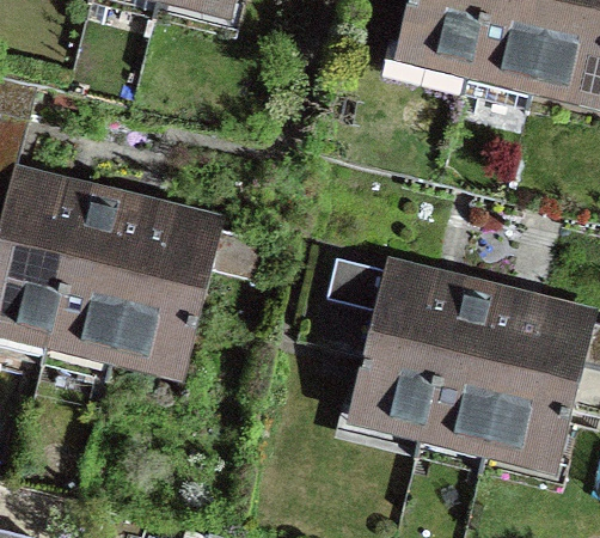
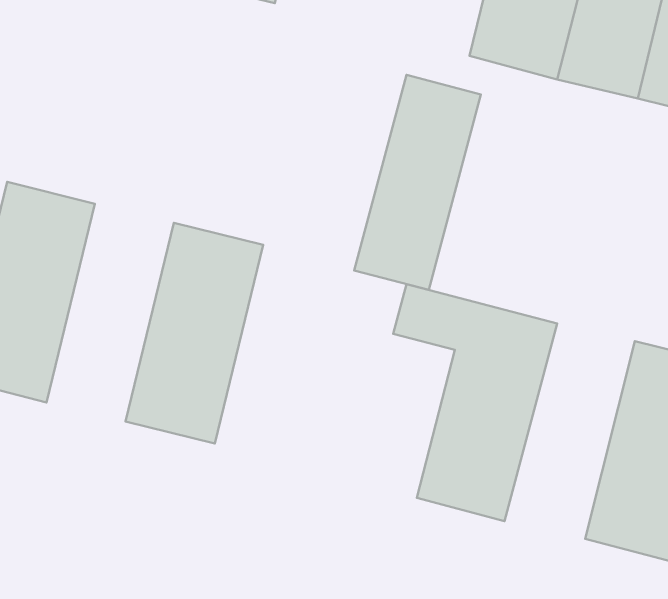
building: none -> [354,75,481,290]
building: [45,183,149,361] -> none
building: [420,281,526,457] -> none

